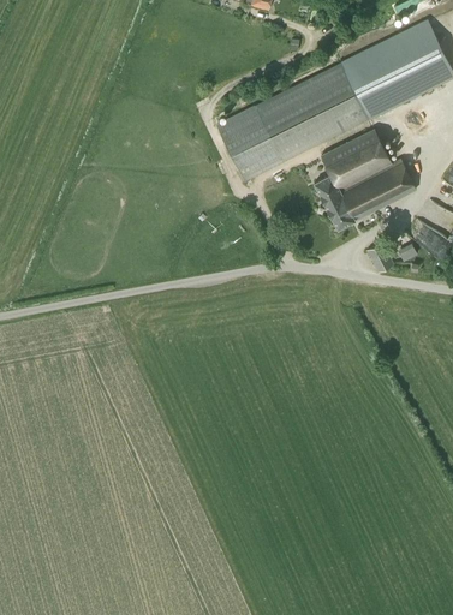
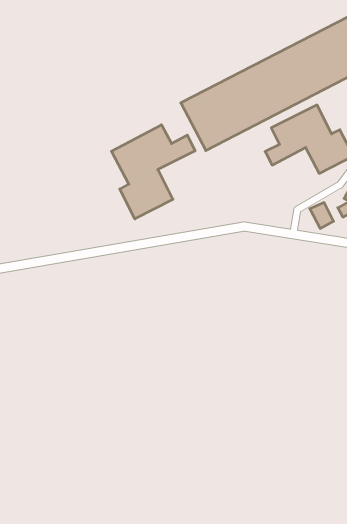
building: none -> [111,125,195,219]
building: [322,178,376,228] -> none

